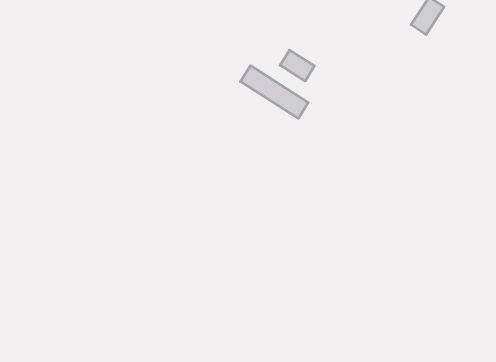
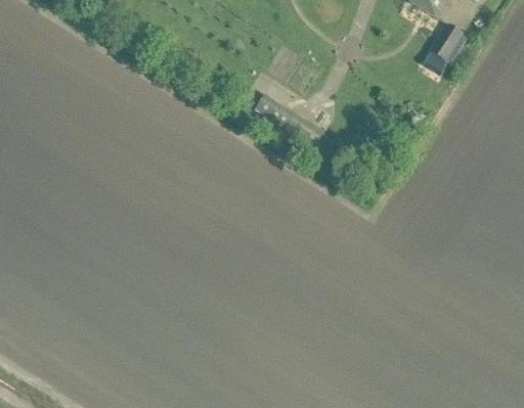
building: [280,50,314,81] -> none

